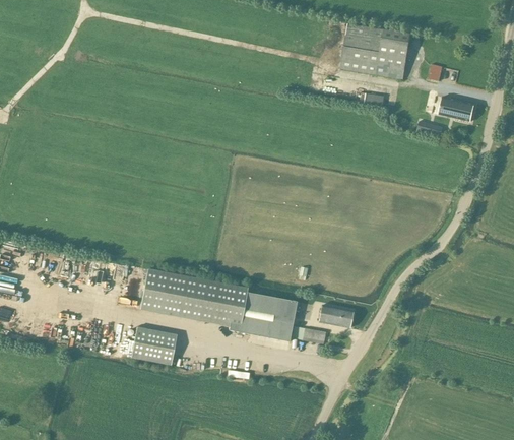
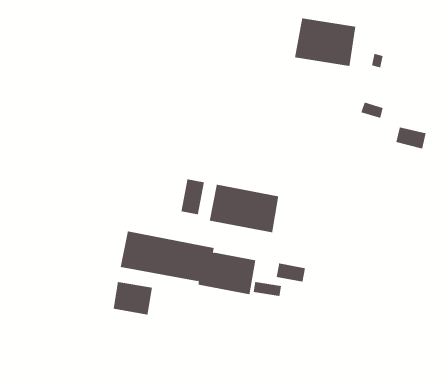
building: [439,96,474,121] -> [395,127,426,149]
building: none -> [181,178,204,215]
building: none -> [209,184,279,233]

